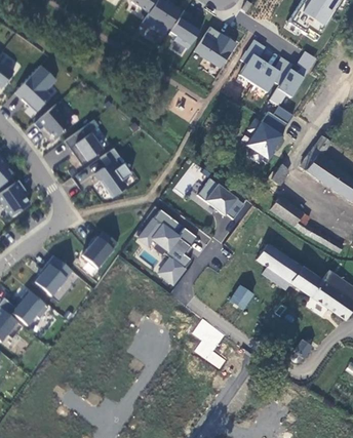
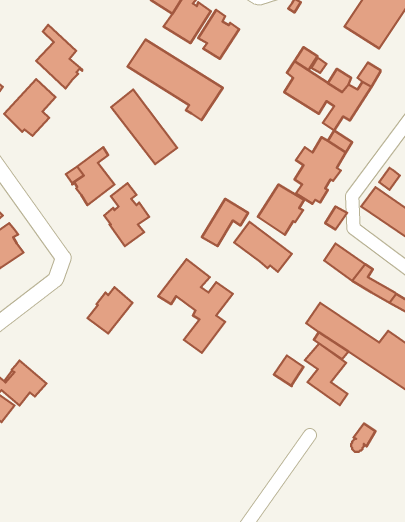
building: none -> [36,25,82,89]
building: [194,27,235,68] -> none
building: none -> [128,39,223,120]
building: none -> [111,90,177,164]
building: [34,103,71,138] -> none
building: none -> [258,184,304,235]
building: [34,255,71,295] -> none
building: [192,319,226,368] -> [305,344,347,405]

